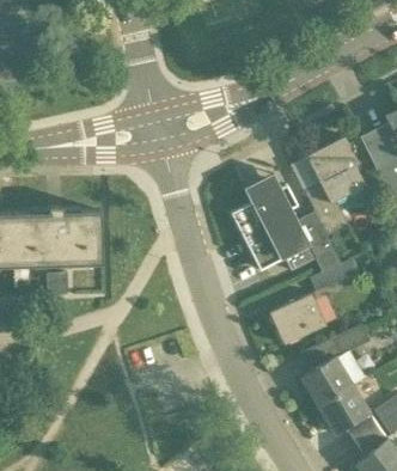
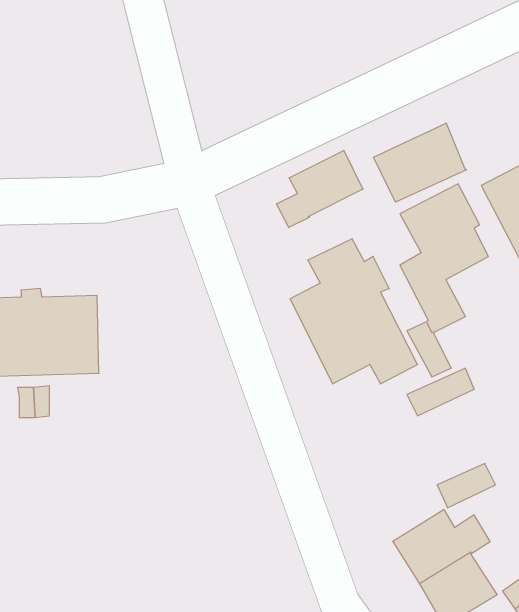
building: none -> [374,123,467,202]
building: none -> [276,150,363,228]
building: [268,292,326,344] -> none

